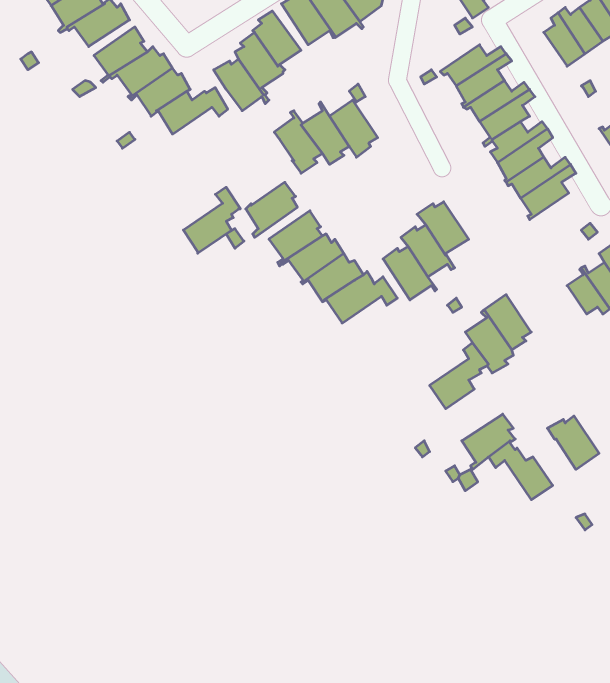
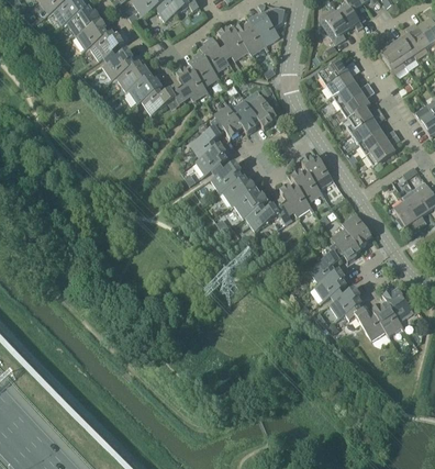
building: [183,187,240,253] -> [190,118,225,158]
building: none -> [314,269,347,303]
building: none -> [370,302,404,335]

